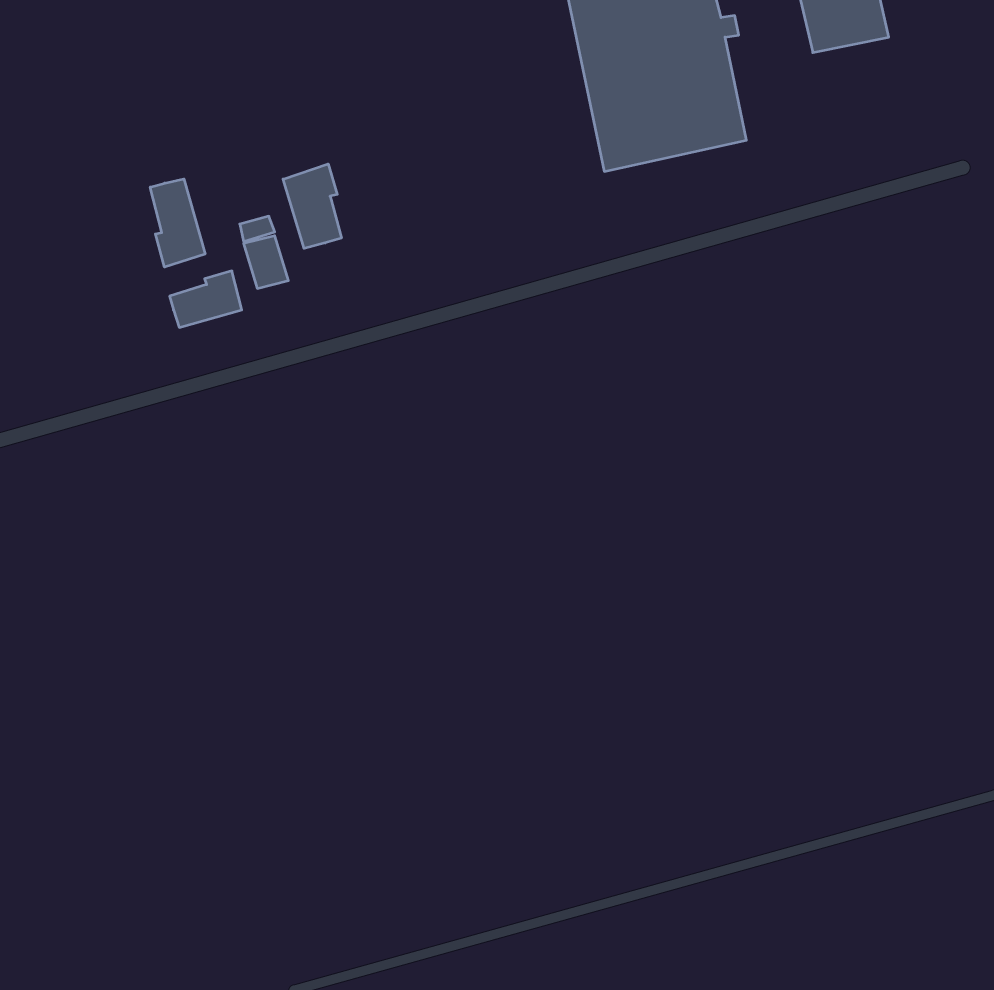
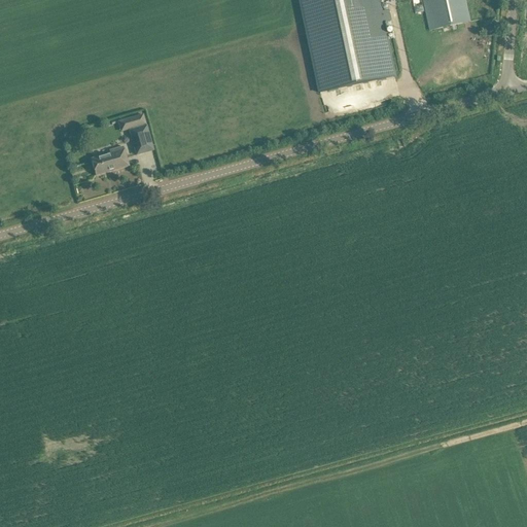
building: [283,164,341,248] -> none
building: [150,179,205,267] -> none

